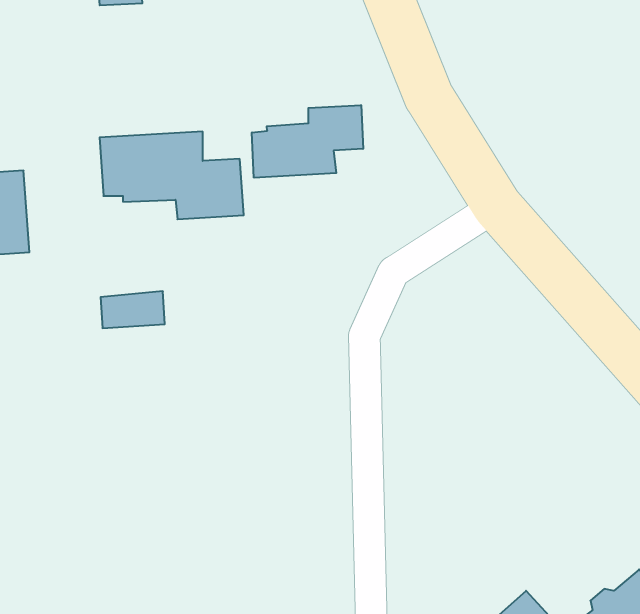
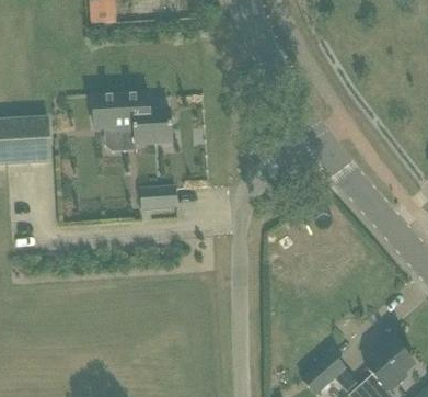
building: [252,105,363,178] -> none
building: [101,291,165,328] -> [141,185,177,206]

